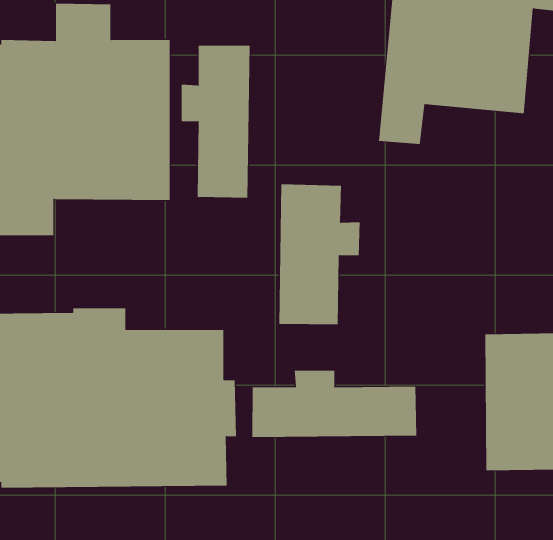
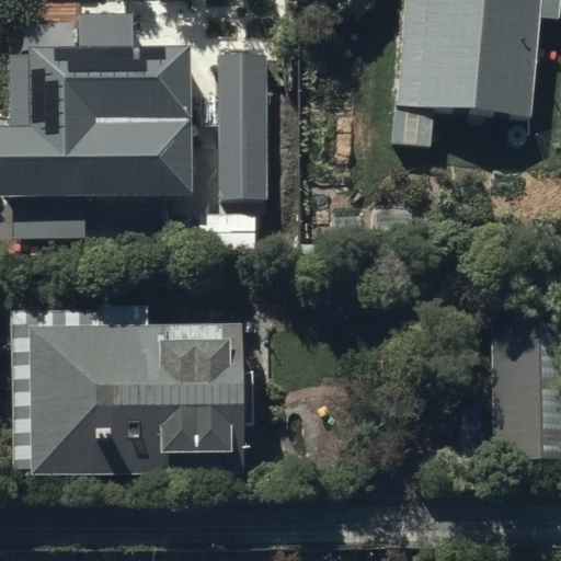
building: [279,184,360,325] -> none
building: [252,370,417,438] -> none

